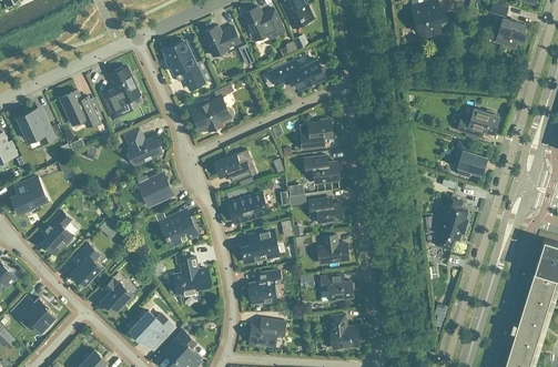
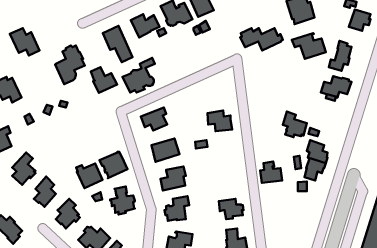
building: none -> [292,33,326,59]
building: [270,60,327,90] -> [240,28,283,51]
building: none -> [329,41,352,71]
building: [60,91,100,128] -> [10,28,39,55]
building: [300,119,333,150] -> none
building: [125,130,161,164] -> [91,67,117,93]
building: [454,142,486,176] -> [283,112,307,137]
building: [138,173,173,206] -> [76,163,102,188]
building: [310,198,343,225] -> none
building: [318,235,348,264] -> [260,161,282,183]

